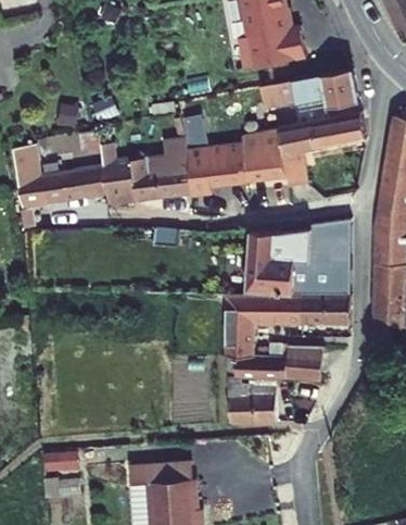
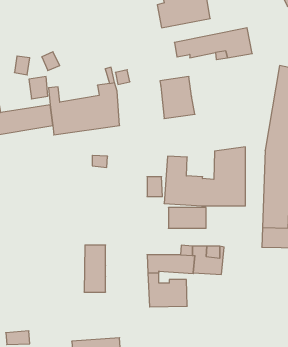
building: [277,112,366,187] -> none
building: [187,142,246,198] -> none
building: [225,297,252,357] -> [84,245,106,292]
building: [300,297,350,323] -> none

